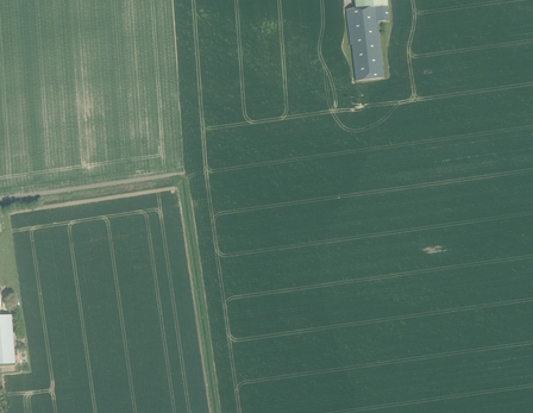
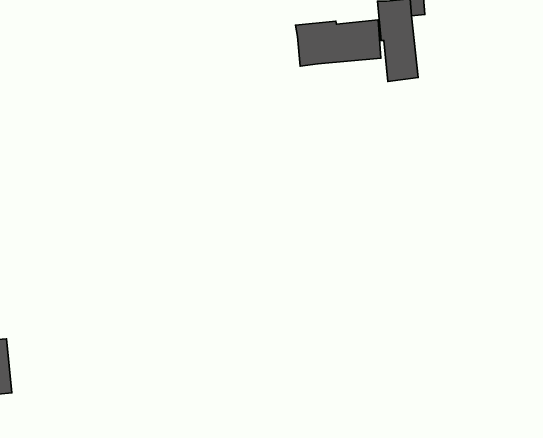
building: none -> [296,20,381,66]

